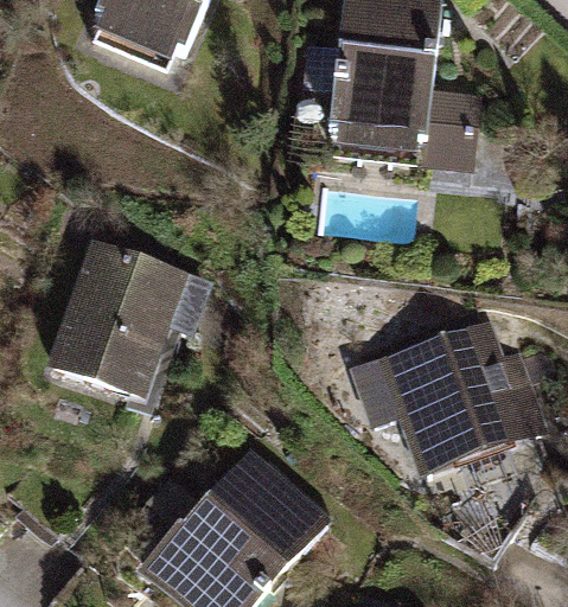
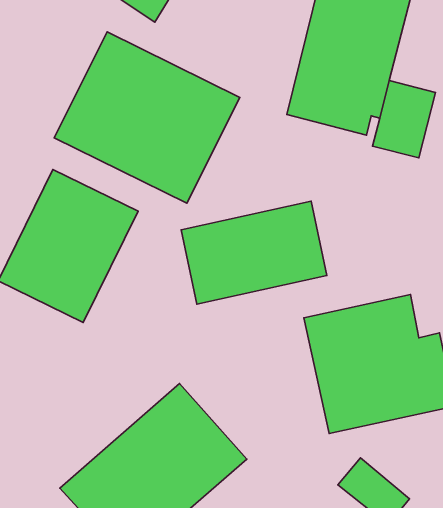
building: none -> [54,32,240,203]
building: none -> [181,201,327,304]

